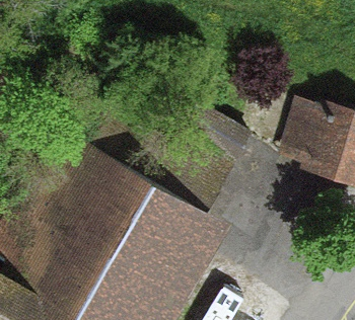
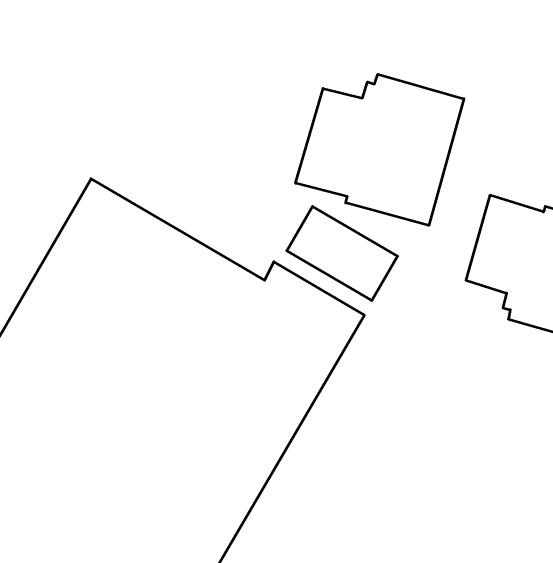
building: none -> [296,74,464,225]

